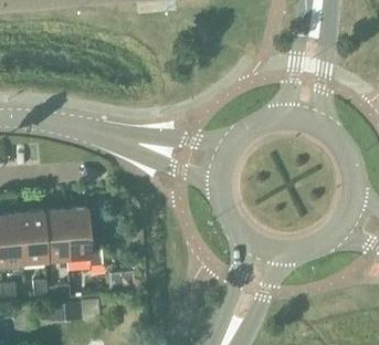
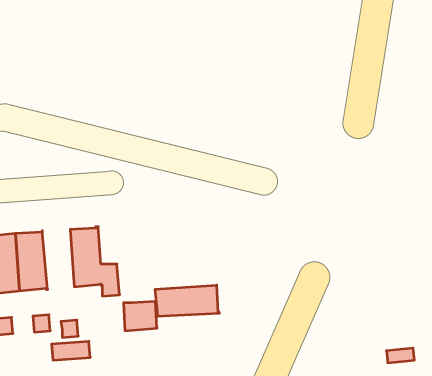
building: [41,210,67,260] -> none
building: none -> [155,285,219,316]

